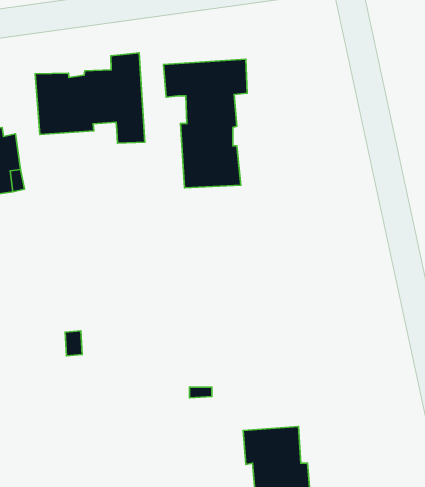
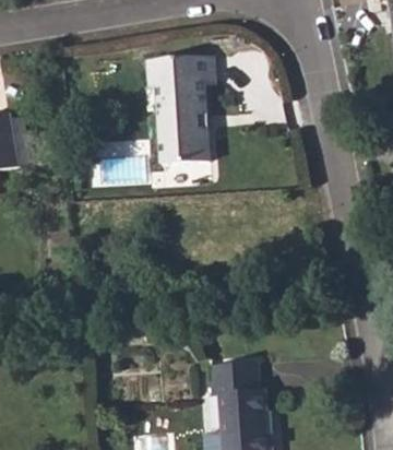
building: [35,53,145,143] -> none

